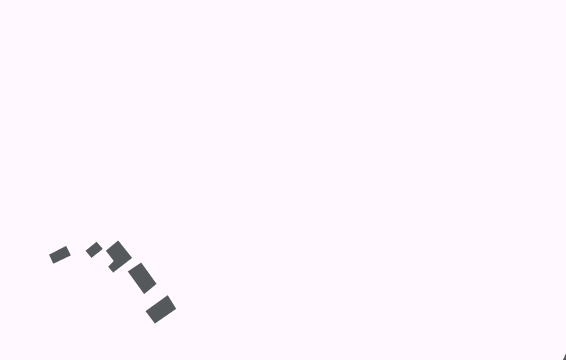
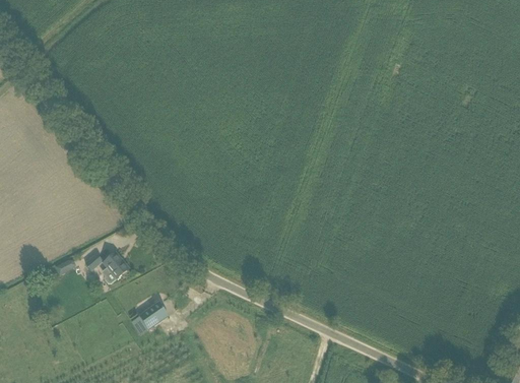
building: [127,261,158,295] -> none

